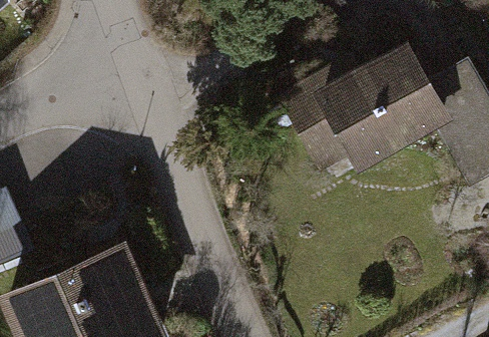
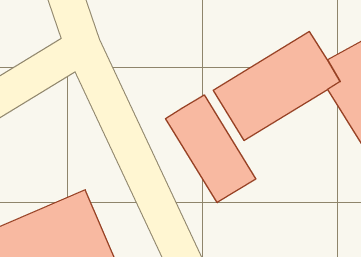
building: none -> [166,95,256,203]

